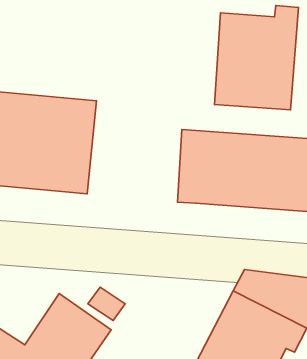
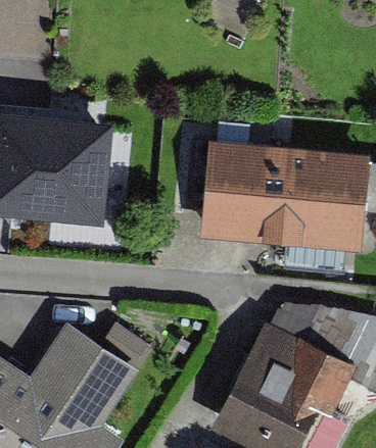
building: [215,6,298,110] -> none

